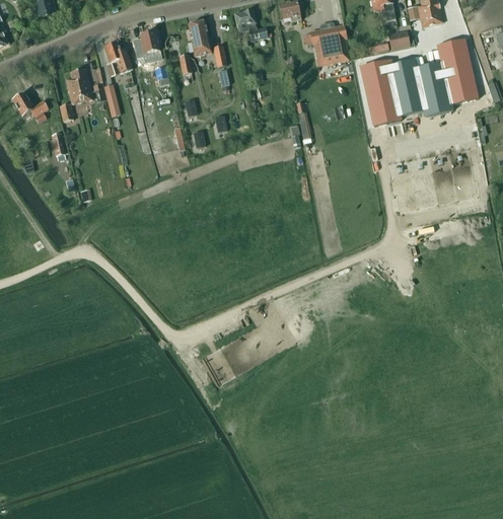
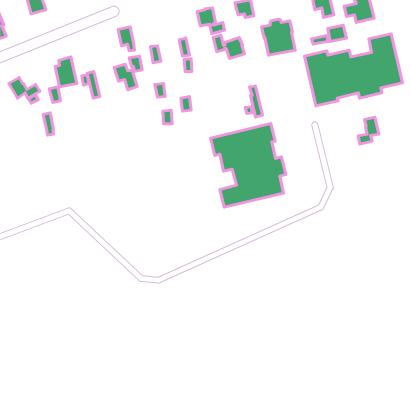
building: [188,21,212,56] -> none
building: none -> [213,35,244,58]
building: [104,43,132,73] -> [114,64,137,90]
building: none -> [358,117,379,144]
building: none -> [211,124,286,207]

